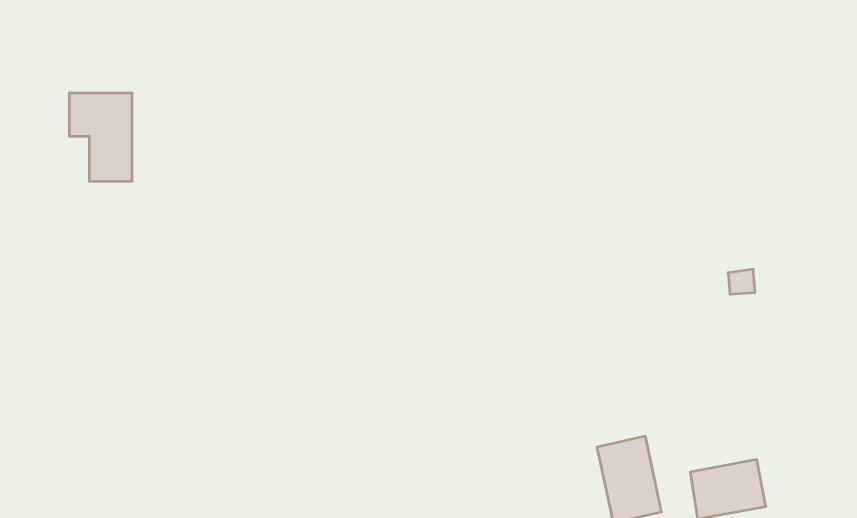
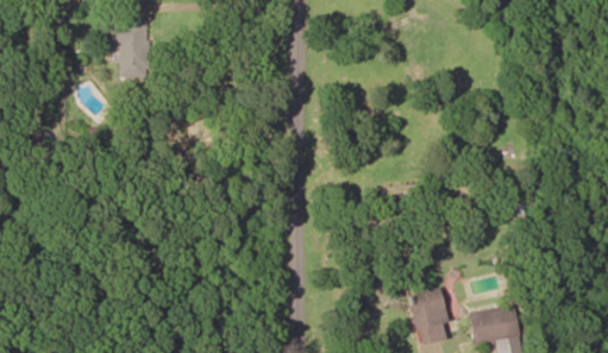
building: [69,93,132,181] -> [107,20,149,78]

